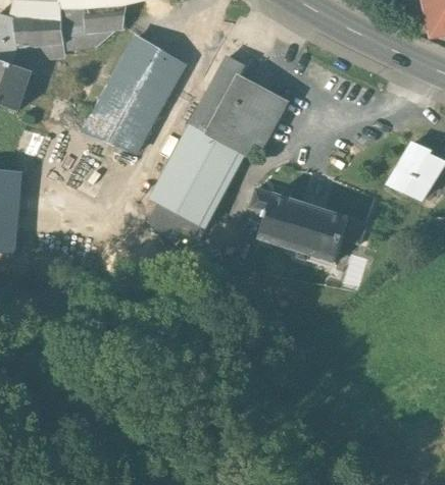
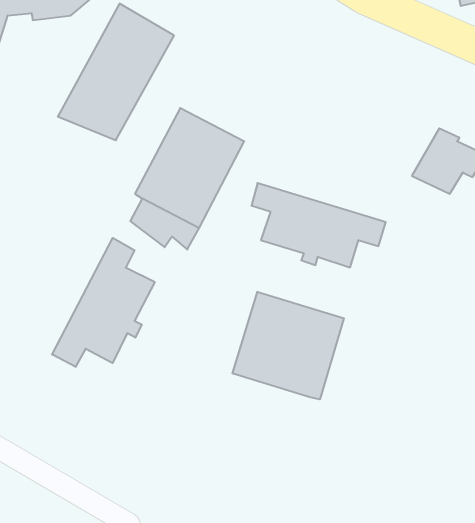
building: [189,56,281,153] -> none
building: none -> [52,238,155,367]
building: none -> [232,292,344,399]

